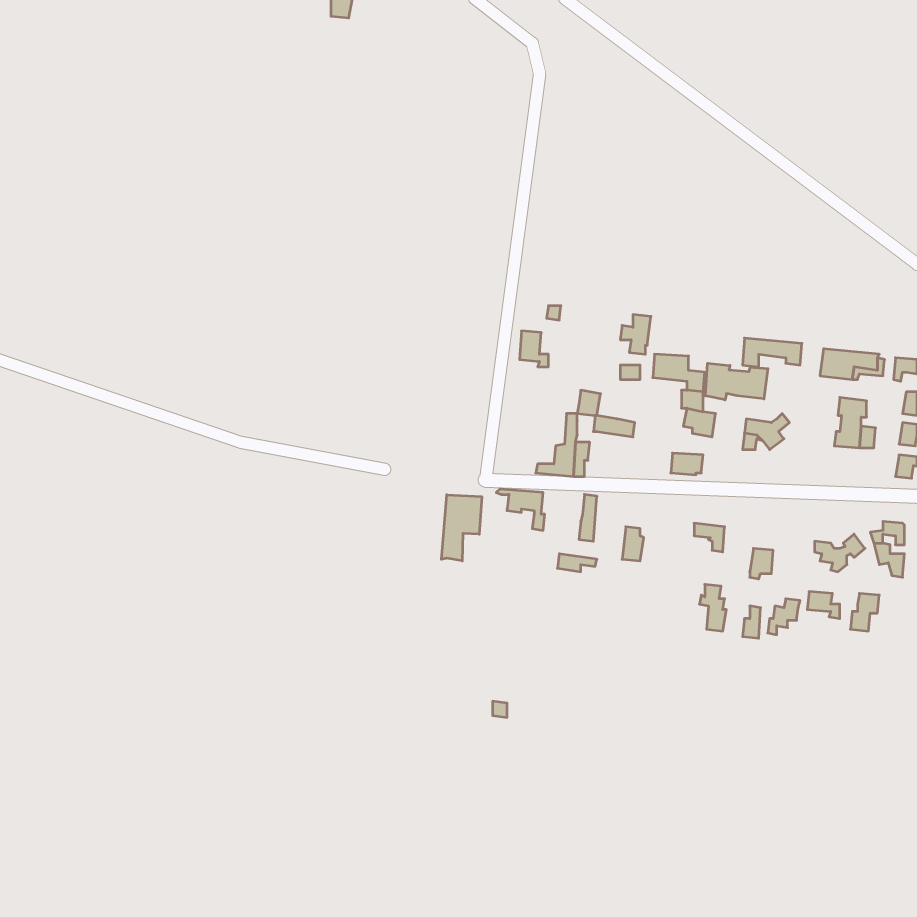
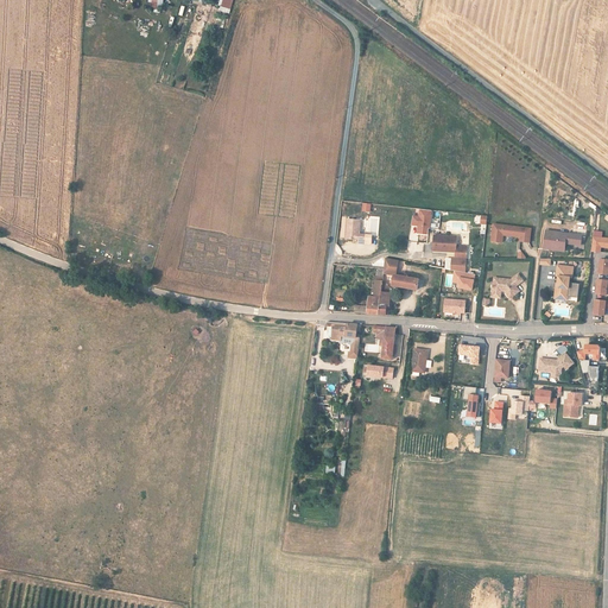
building: [705,363,768,400] -> none
building: [441,495,482,561] -> none

